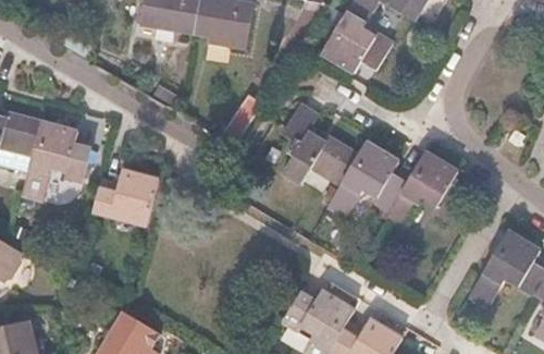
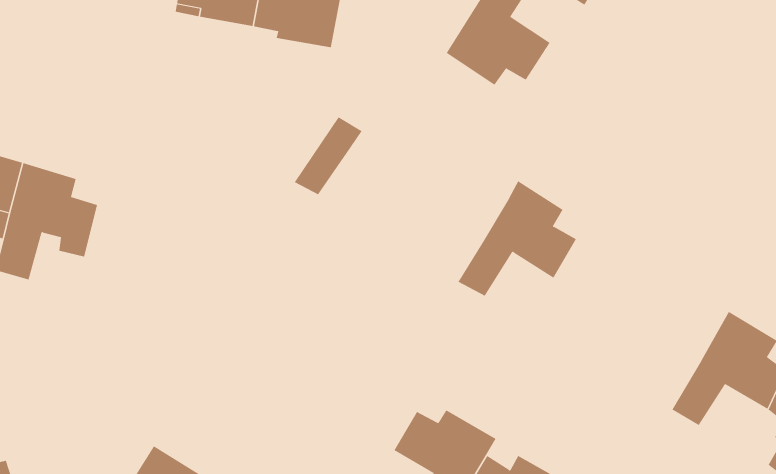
building: [284,100,361,179] -> none
building: [386,147,466,222] -> none
building: [92,172,160,229] -> none

